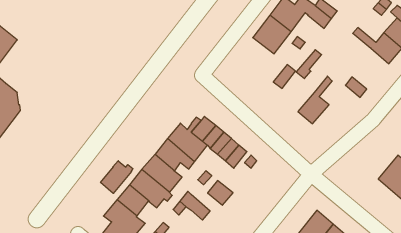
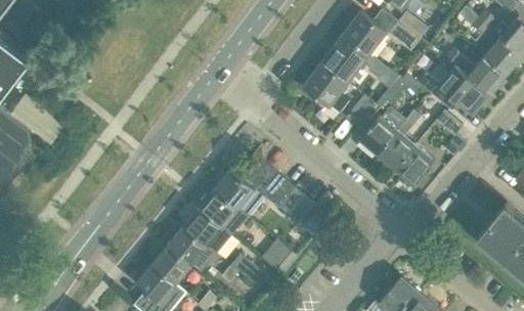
building: none -> [418,57,490,115]
building: none -> [303,62,350,114]
building: none -> [358,116,397,154]
building: none -> [395,146,434,185]
building: [101,161,133,193] -> none

